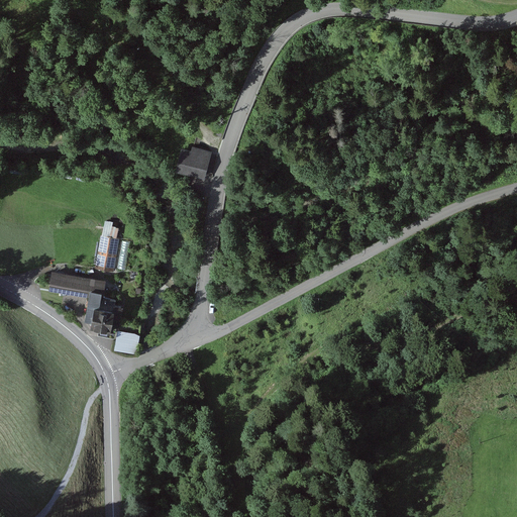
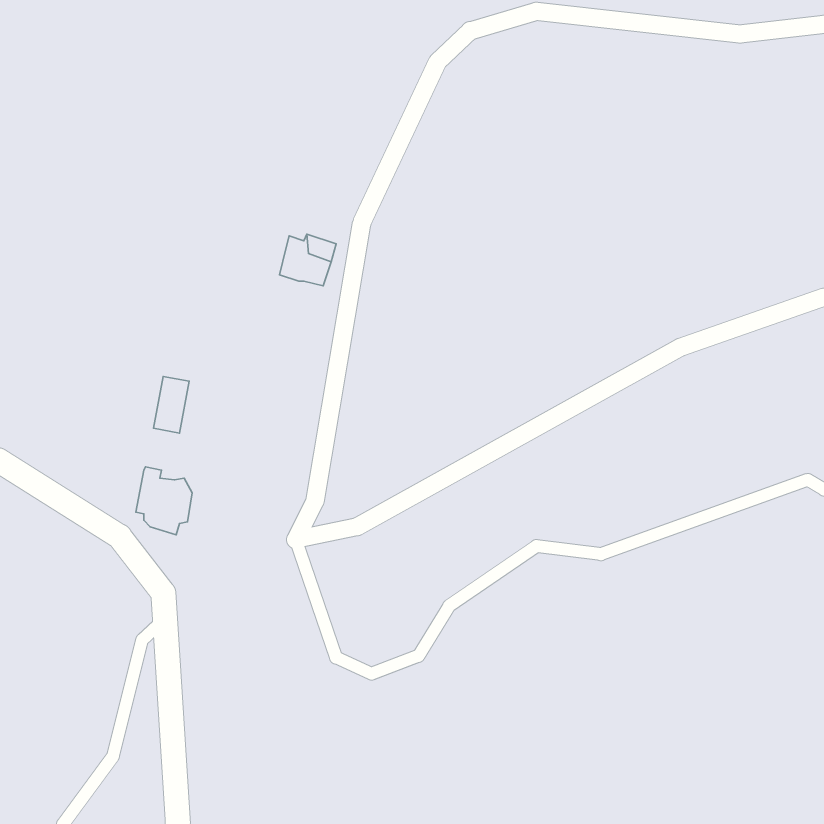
building: [49,272,103,294] -> none
building: [113,331,138,352] -> none

